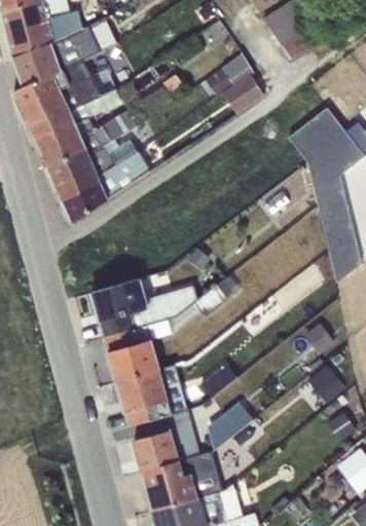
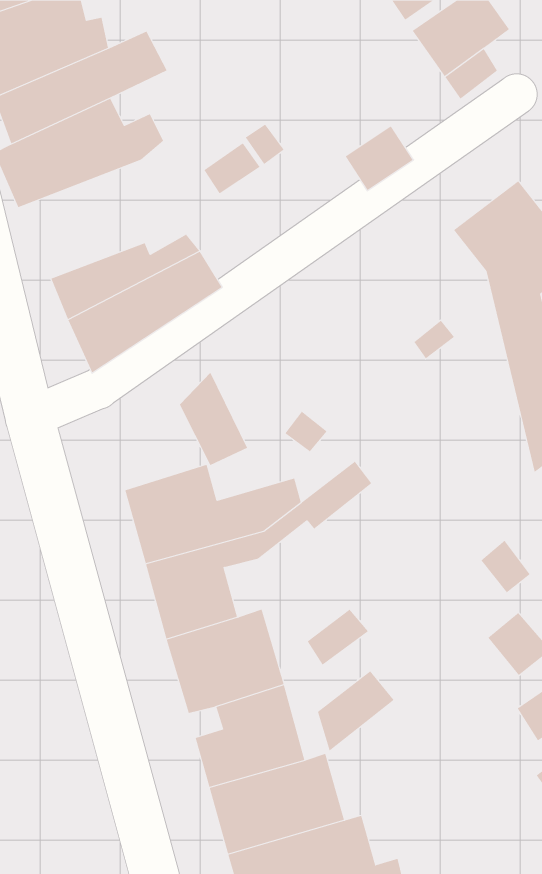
building: [205,52,253,95] -> none
building: [28,90,146,166] -> none
building: none -> [179,372,248,466]

